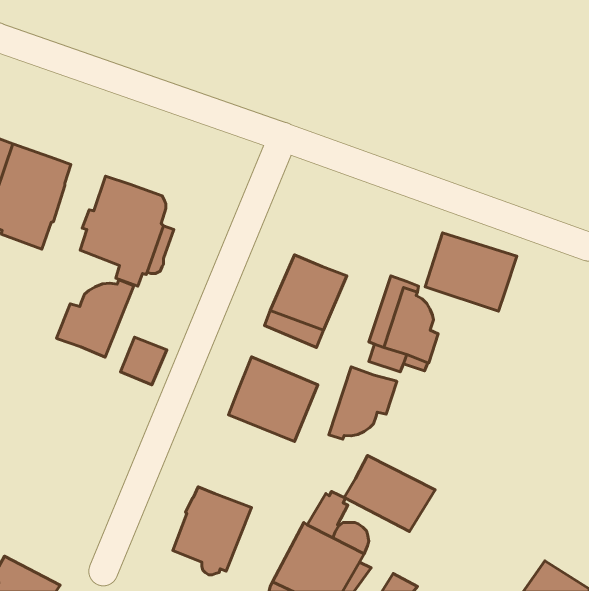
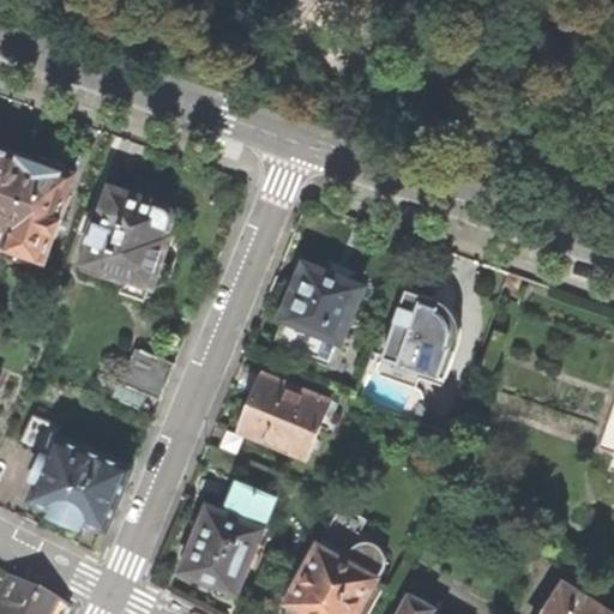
building: [425,233,517,311] -> none
building: [56,280,134,357] -> none
building: [329,367,397,439] -> none
building: none -> [17,413,131,529]
building: [344,456,435,532] -> none
building: none -> [222,482,273,526]

